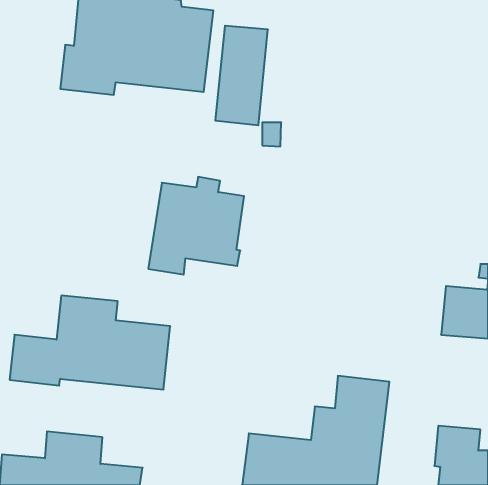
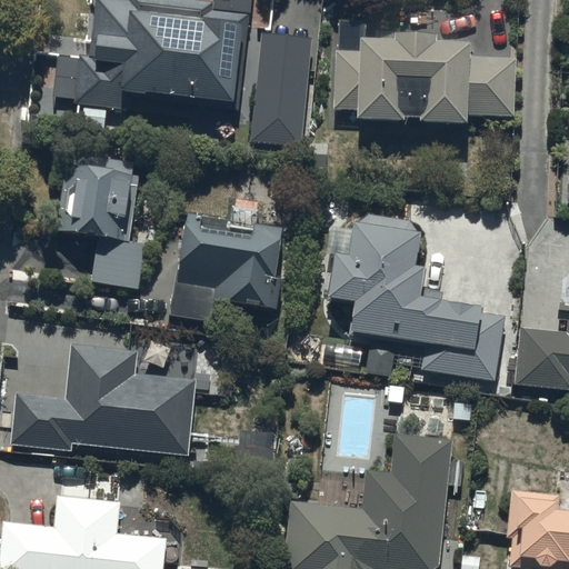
building: none -> [337,34,512,121]
building: none -> [57,153,150,289]
building: none -> [325,217,503,385]

